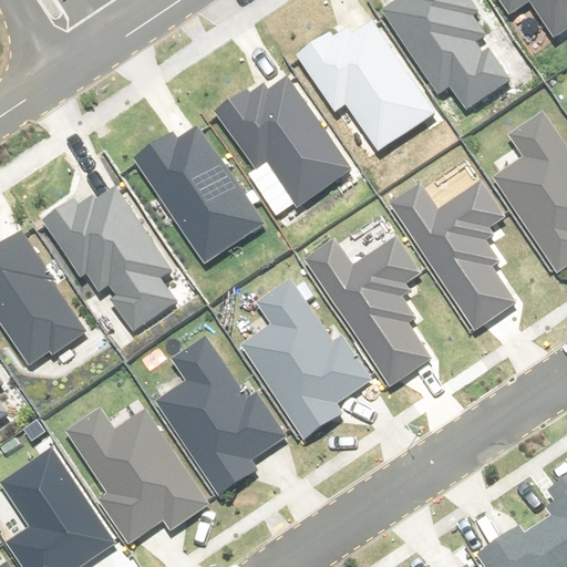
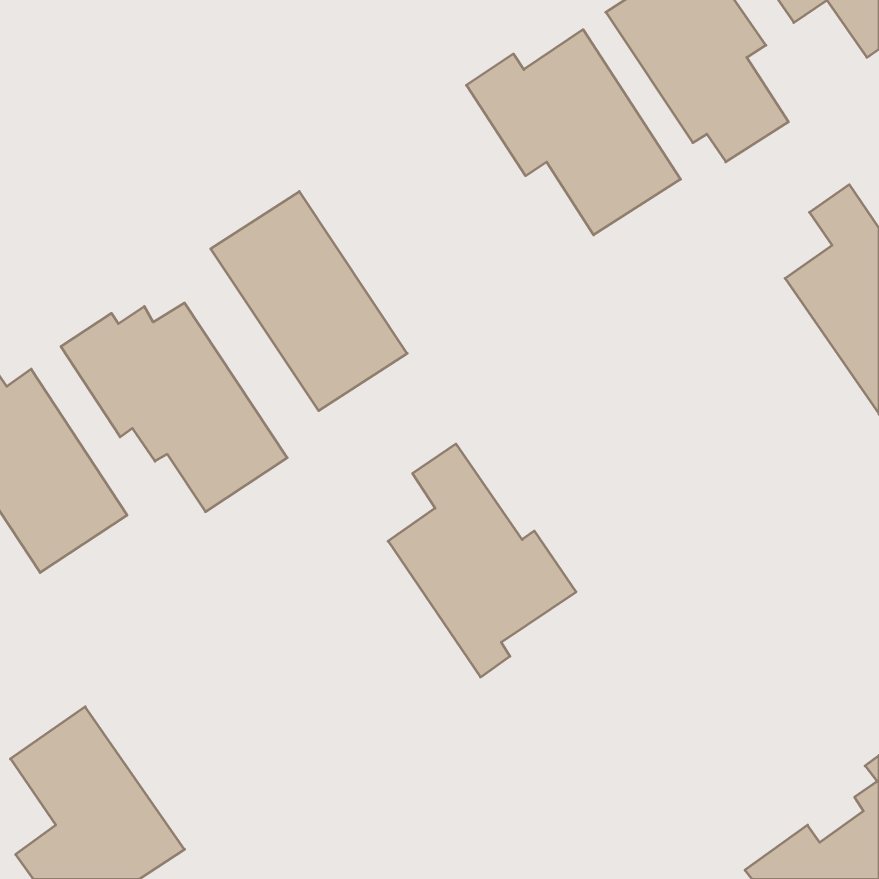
building: [209,80,347,203] -> none
building: [394,182,515,327] -> none
building: [309,239,431,386] -> none
building: [165,342,279,486] -> none
building: [74,414,203,536] -> none

